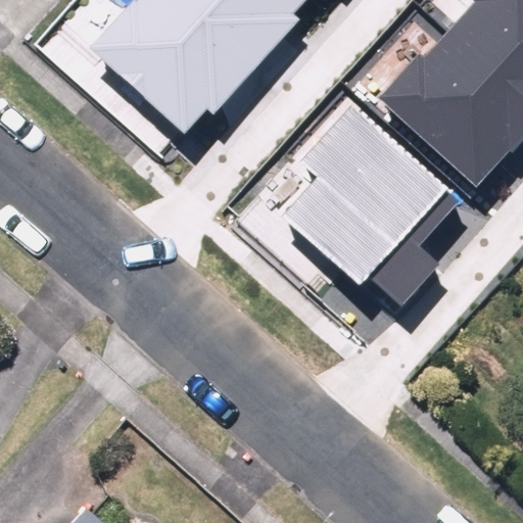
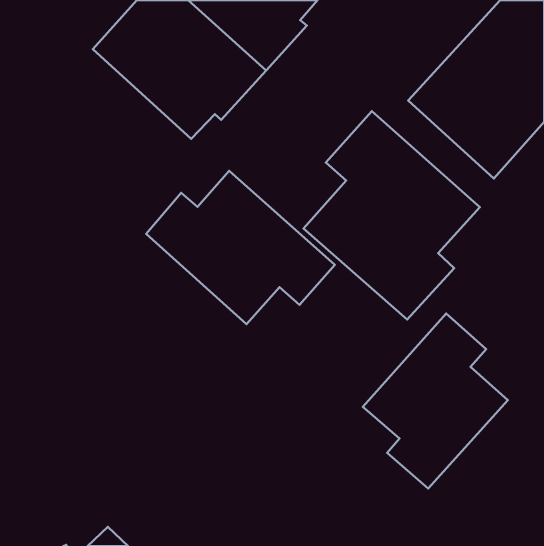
building: none -> [146,171,335,324]
building: none -> [363,314,508,488]

